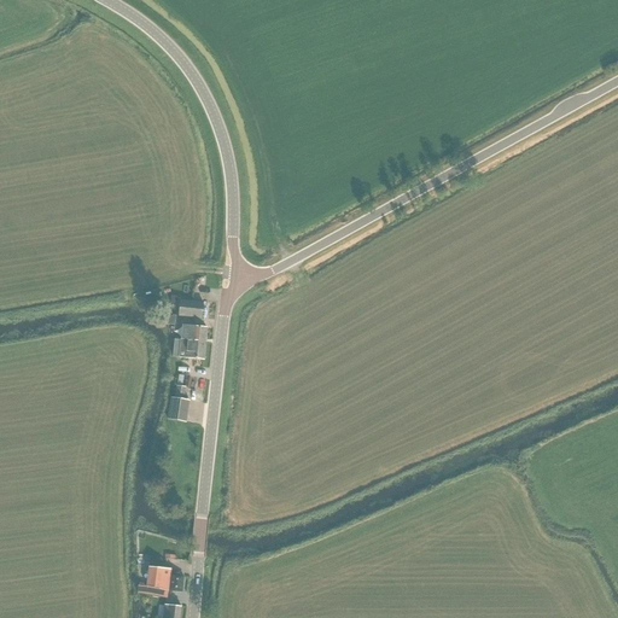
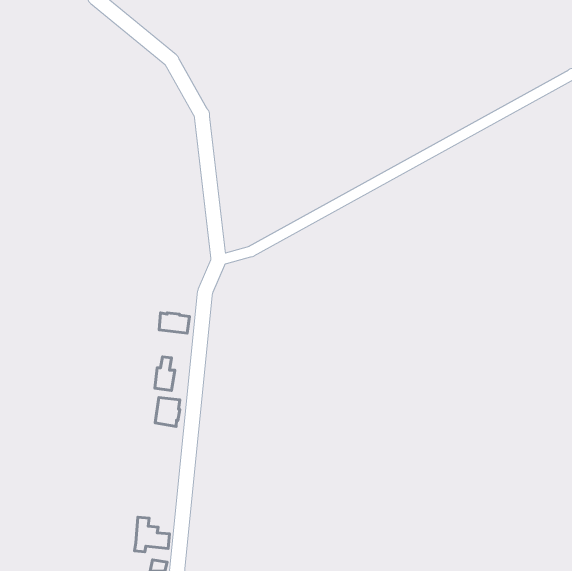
building: [177,299,205,340] -> none
building: none -> [155,397,180,426]

